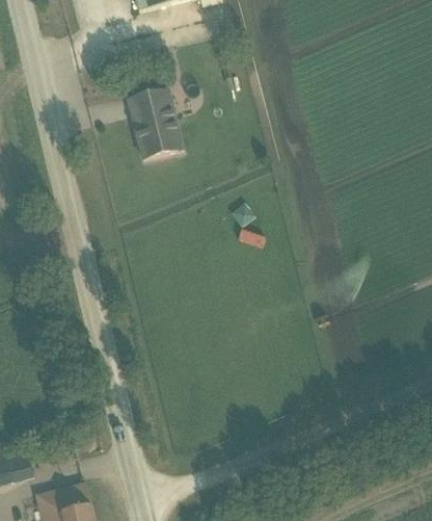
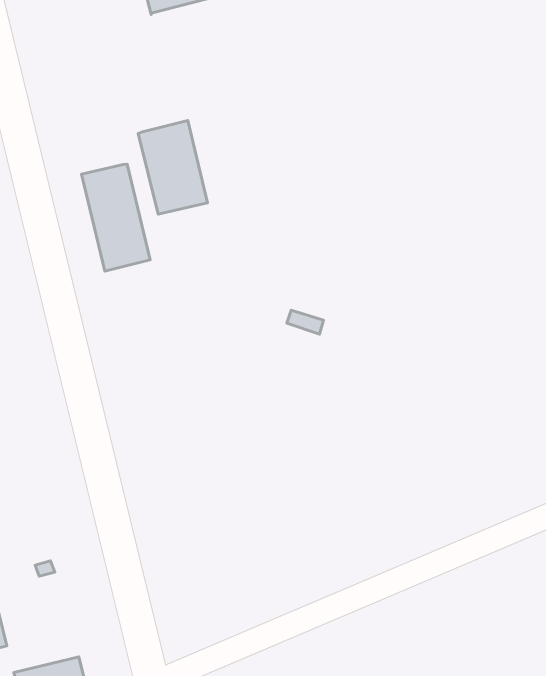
building: none -> [81,164,150,271]

